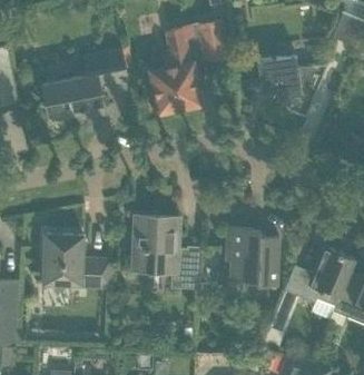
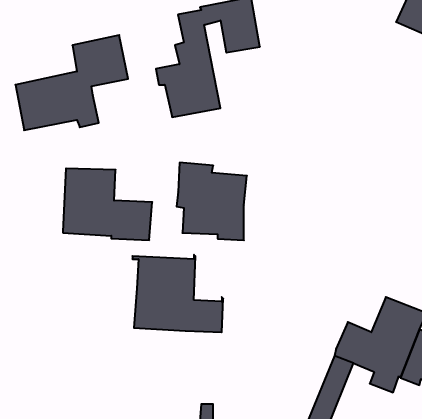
building: [256,55,327,117] -> none
building: [225,227,278,286] -> [177,163,247,240]
building: [42,234,110,288] -> [63,168,152,240]

